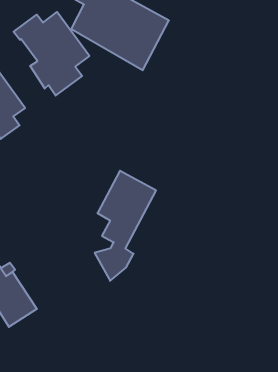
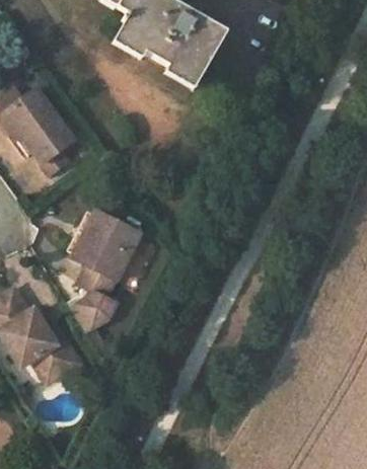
building: [14,12,89,96] -> none
building: [95,171,156,281] -> [64,209,133,332]

